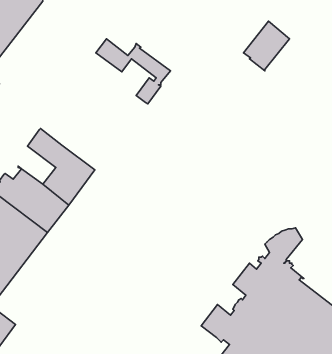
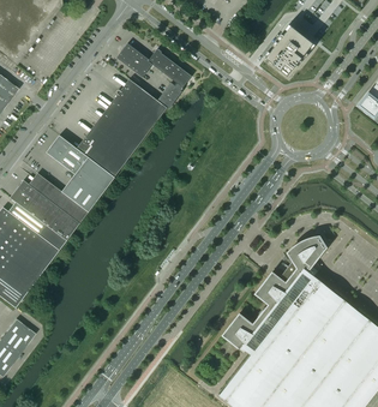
building: none -> [82,82,167,176]

